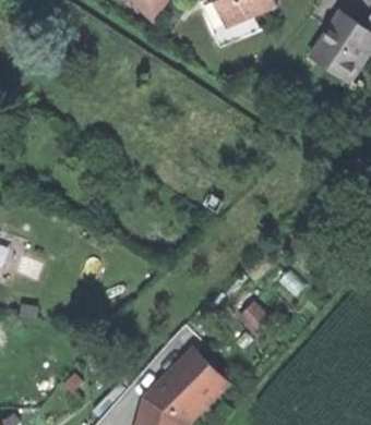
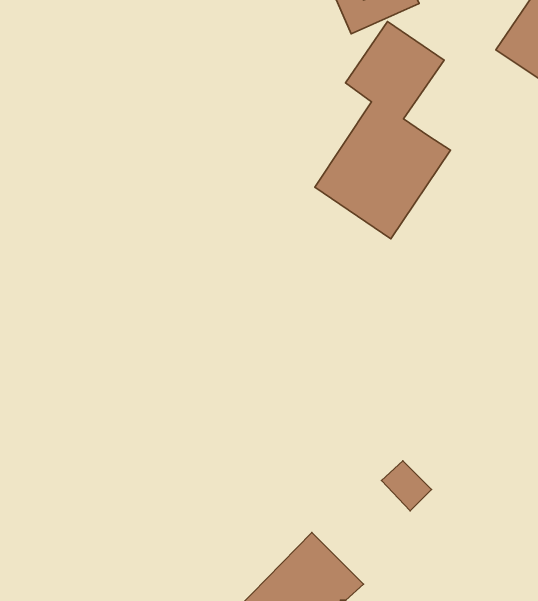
building: none -> [315,21,450,239]

